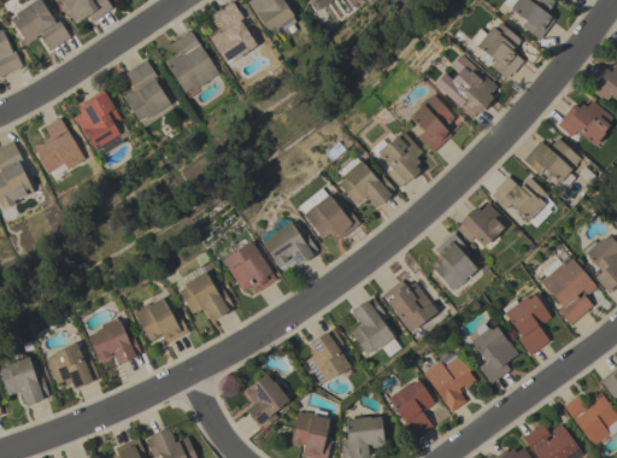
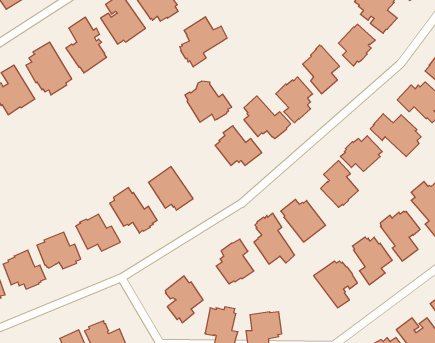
building: none -> [180,17,227,67]
building: [260,218,317,268] -> [185,81,232,122]
building: [388,378,435,440] -> none

